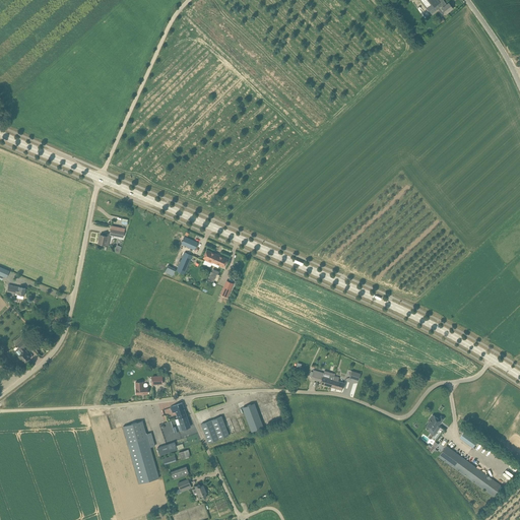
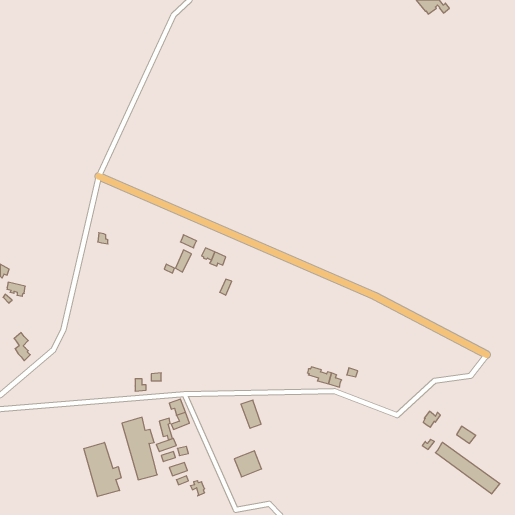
building: [201,416,229,443] -> [234,451,262,477]
building: none -> [84,442,121,497]

